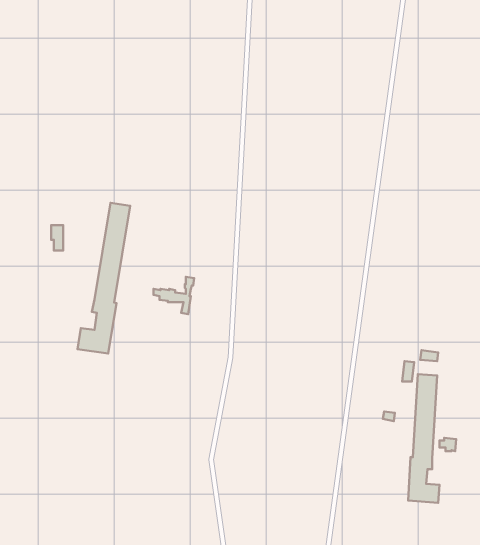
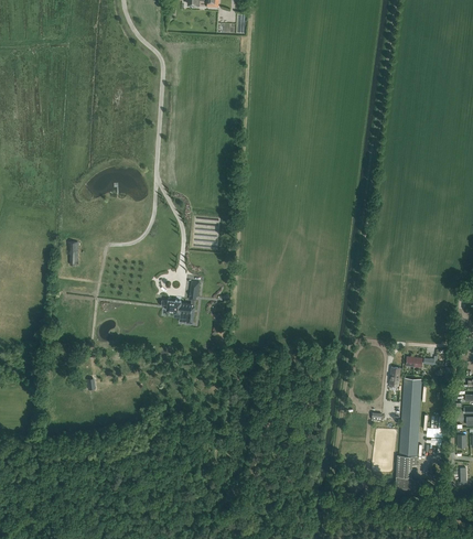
building: [77,203,130,353] -> none

